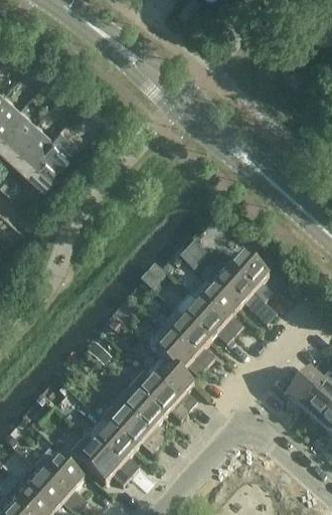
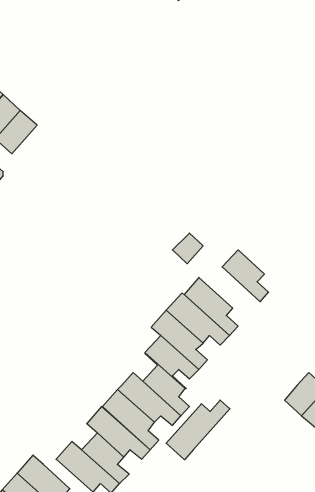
building: [27,132,75,181] -> none
building: [212,274,276,330] -> none
building: none -> [166,400,230,460]

